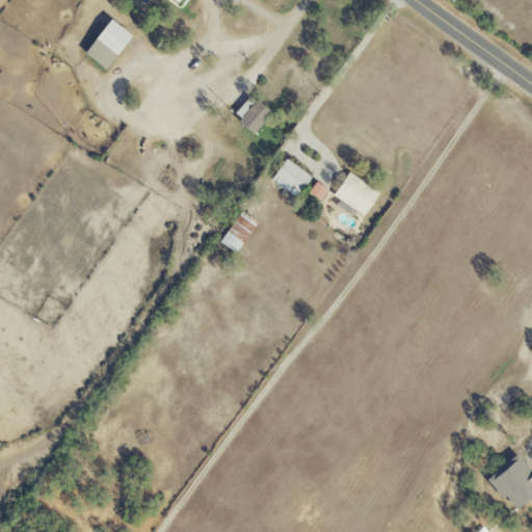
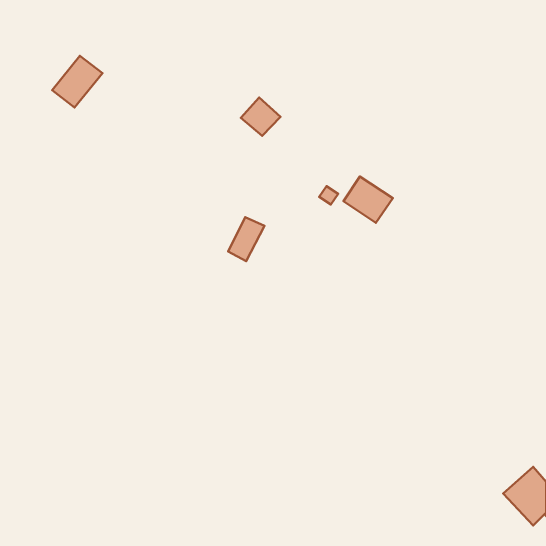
building: [85,19,134,69] -> [52,56,102,107]
building: [272,158,313,196] -> none

